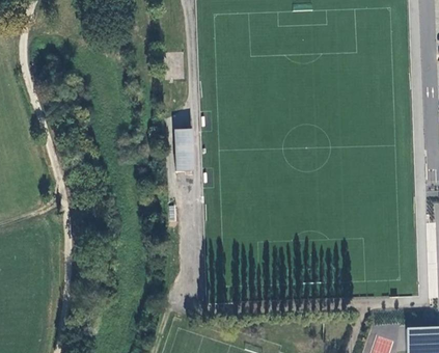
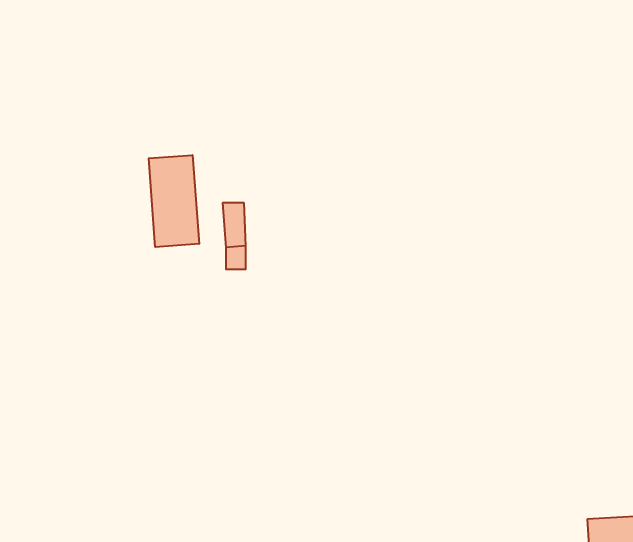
building: none -> [149,155,199,247]

